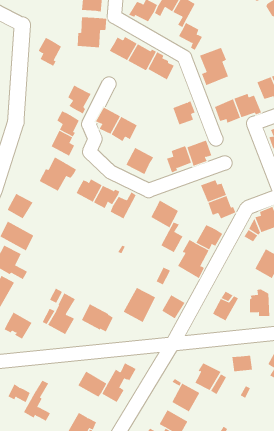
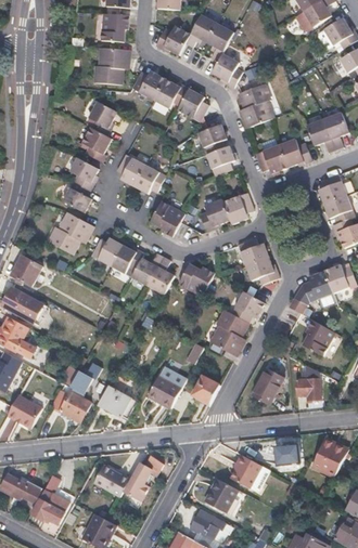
building: [38,37,62,67] -> [88,101,116,135]
building: none -> [199,123,226,154]
building: [160,222,183,253] -> [149,257,176,293]

